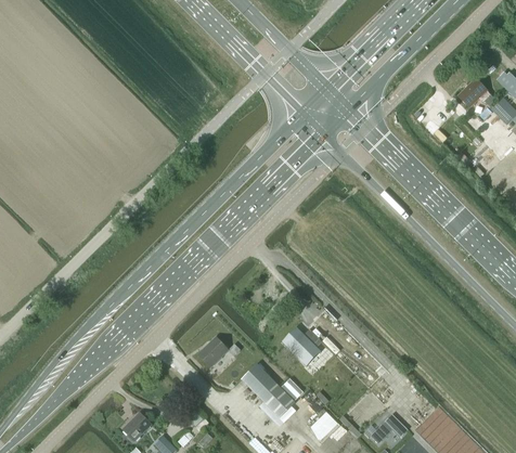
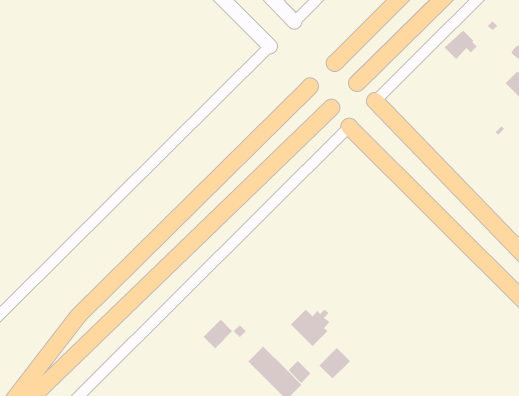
building: [457,79,490,108] -> [444,30,478,60]
building: none -> [319,347,351,379]

